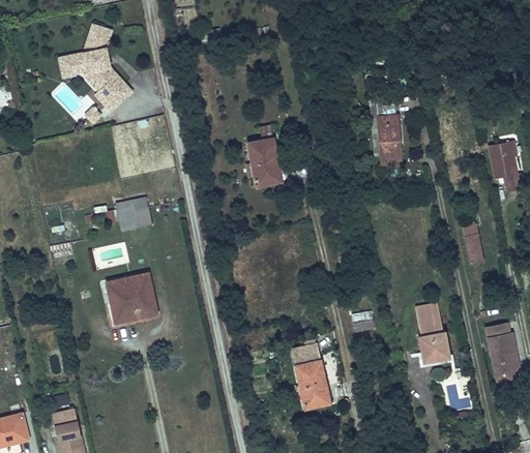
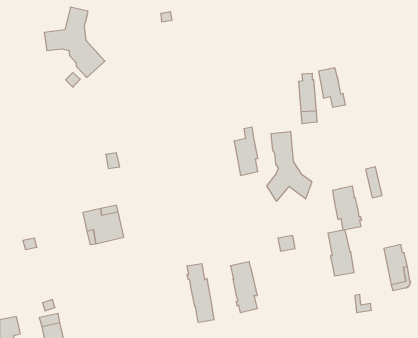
building: [247,125,277,186] -> [234,127,258,175]
building: [489,141,523,190] -> [319,68,346,107]
building: none -> [267,131,312,201]
building: [116,197,148,231] -> none
building: none -> [333,186,361,230]
building: none -> [187,264,214,322]

